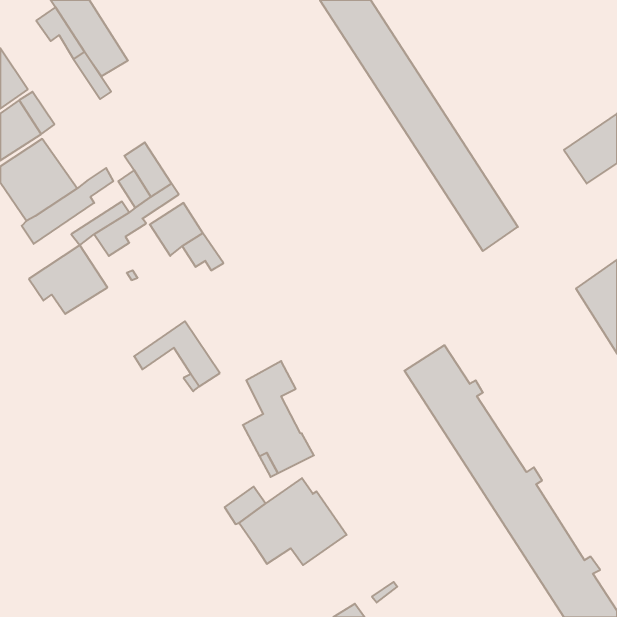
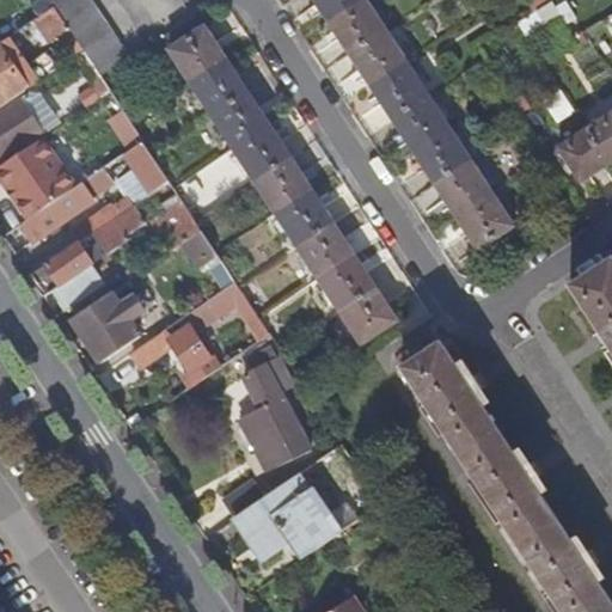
building: none -> [170,26,396,343]
building: none -> [188,283,269,341]
building: none -> [72,290,143,362]

